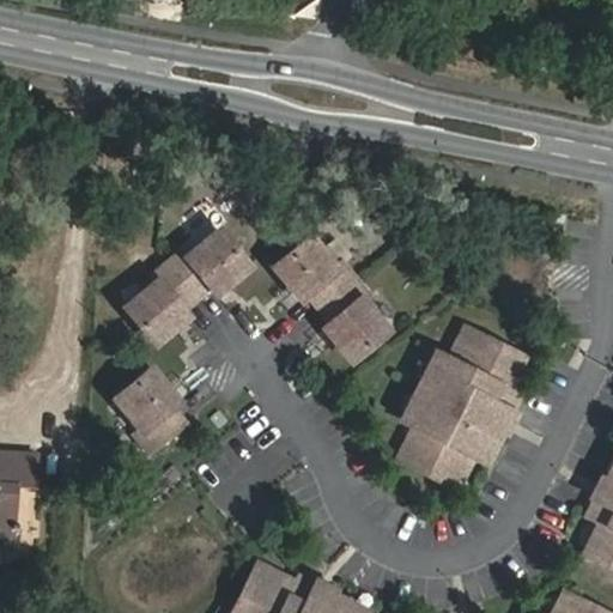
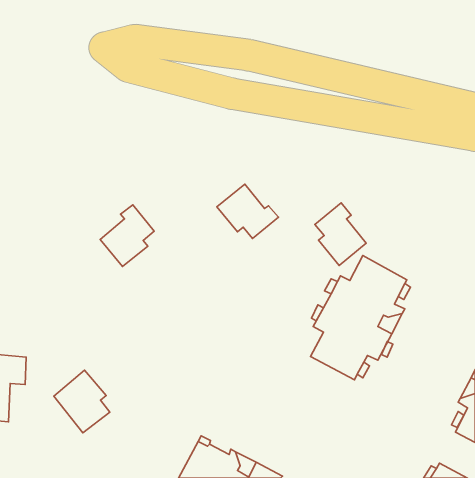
building: [170,230,250,296] -> none
building: [323,278,389,358] -> [315,203,366,266]
building: [111,368,183,448] -> [54,370,110,433]

